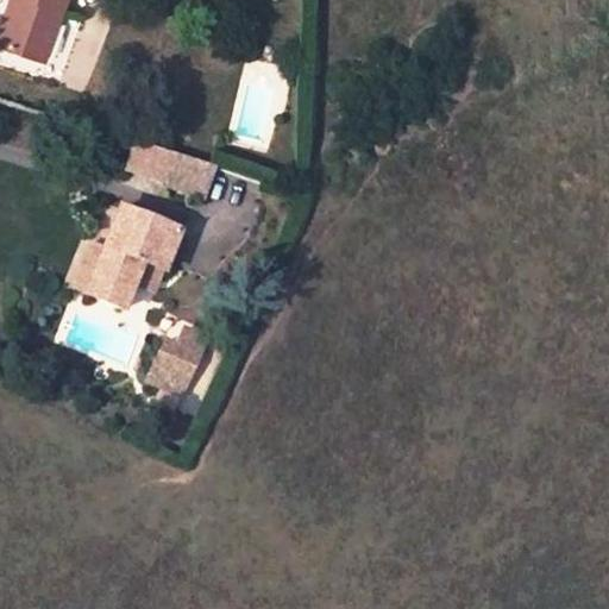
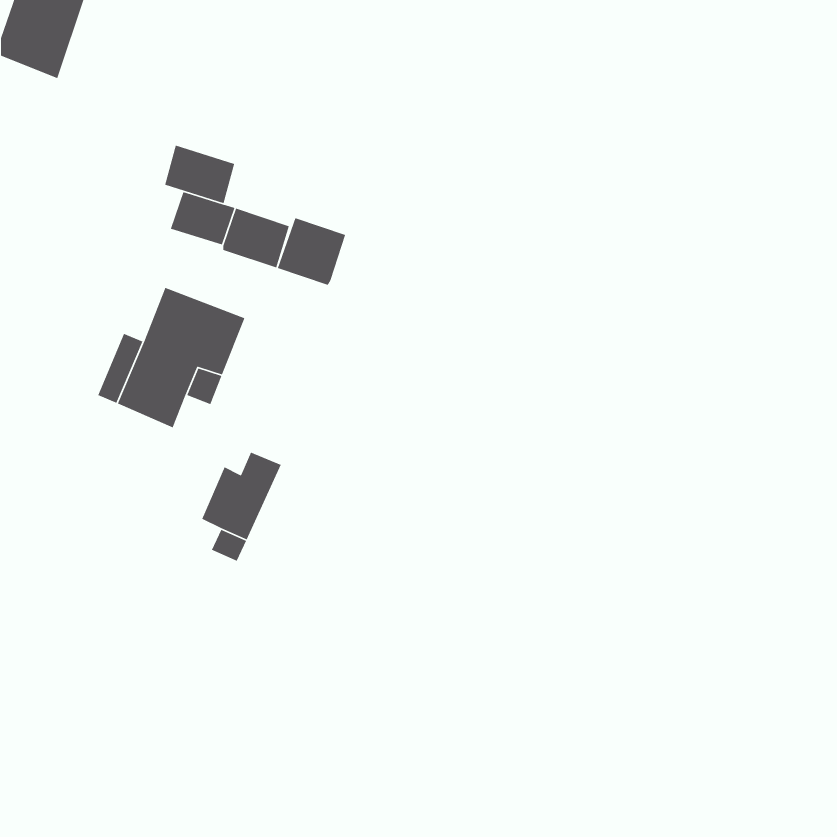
building: none -> [164,145,235,204]
building: none -> [277,217,346,286]

